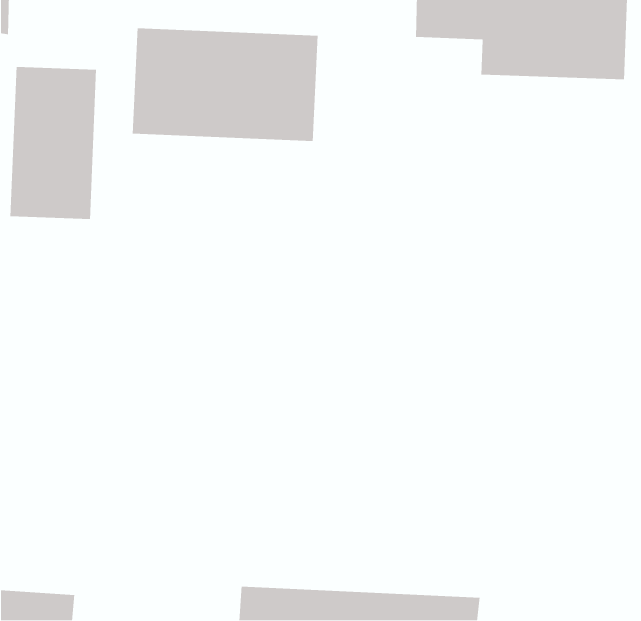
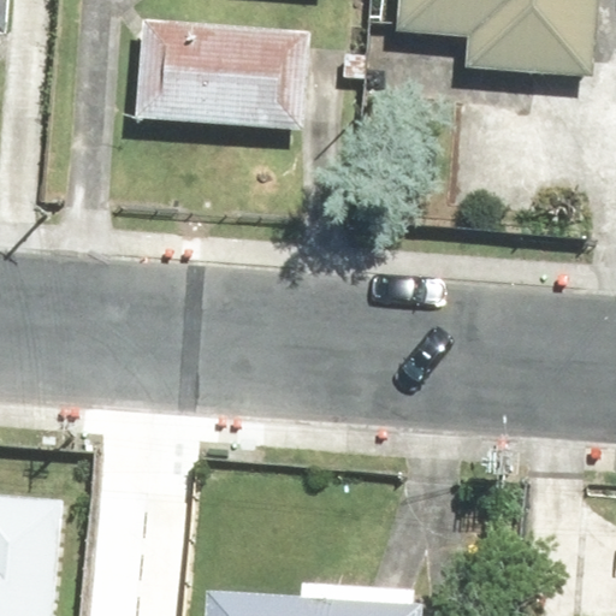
building: [10,66,97,220] -> none

